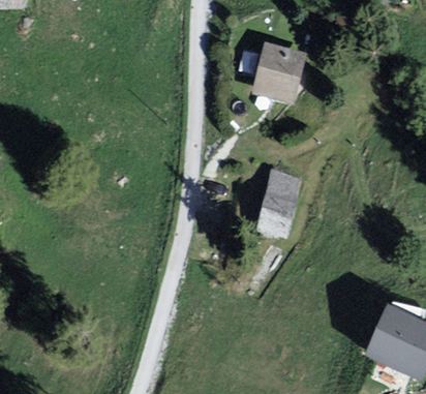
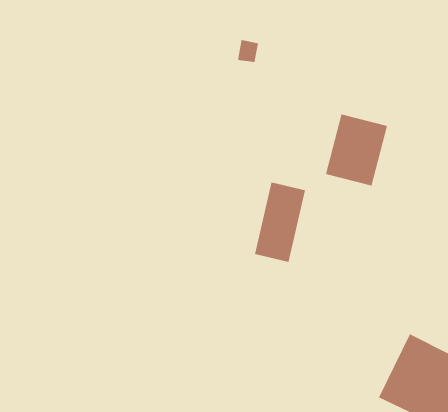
building: [253,41,307,103] -> [325,114,388,186]

